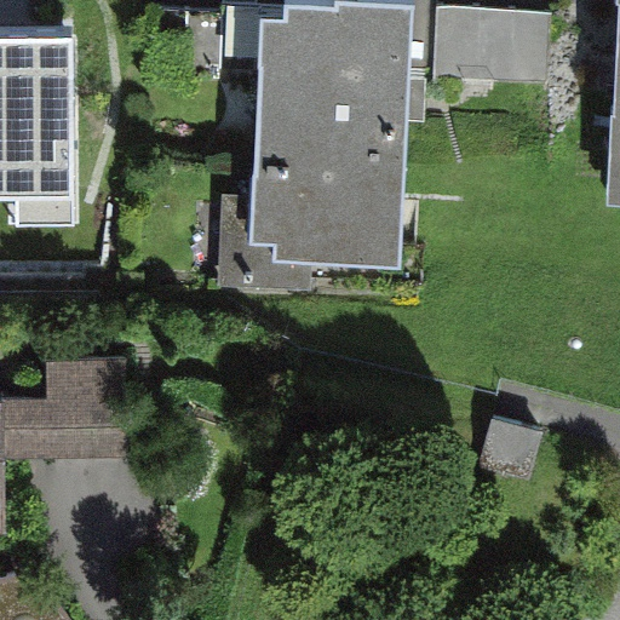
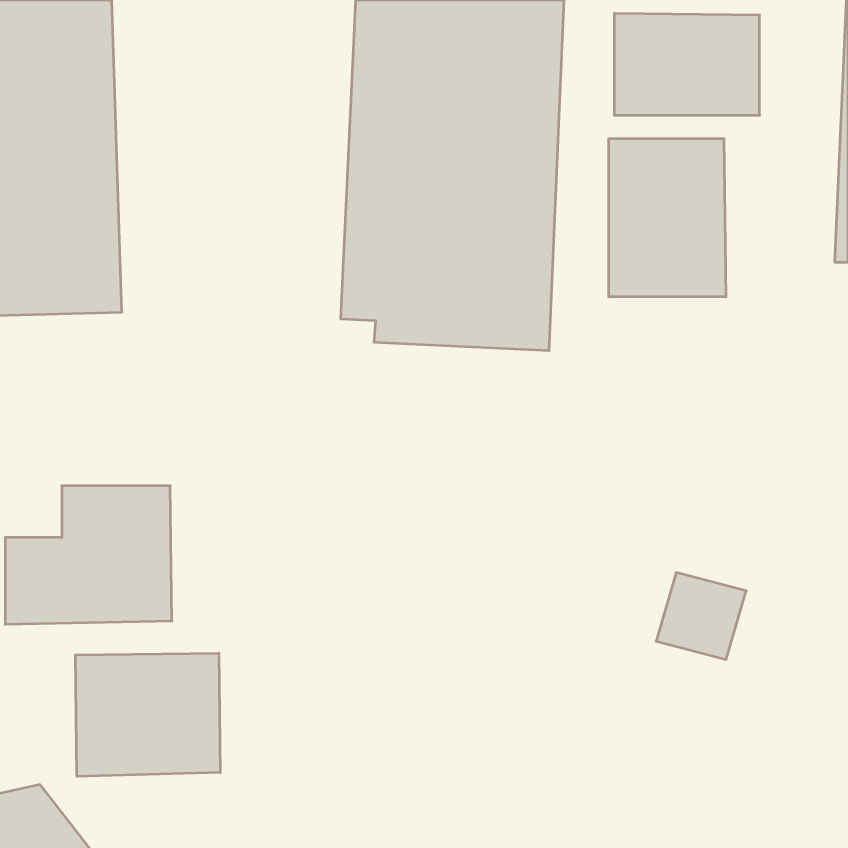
building: none -> [609,139,726,297]
building: none -> [75,653,220,776]

